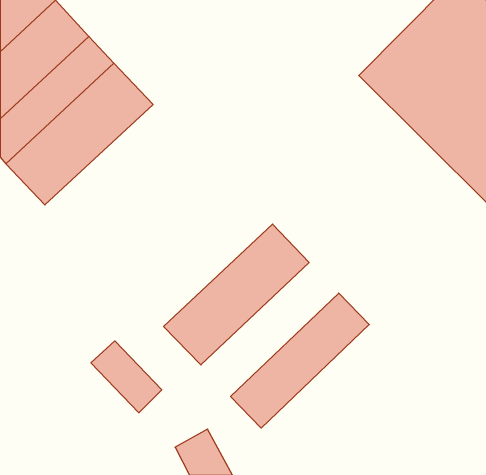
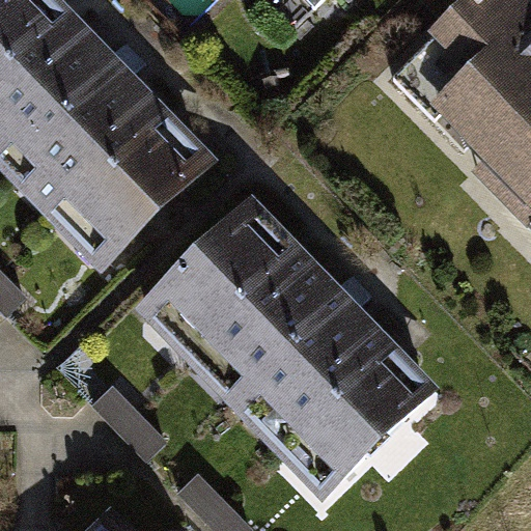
building: none -> [52,113,211,267]
building: none -> [133,192,299,354]
building: none -> [221,284,370,429]
building: none -> [286,352,438,500]

